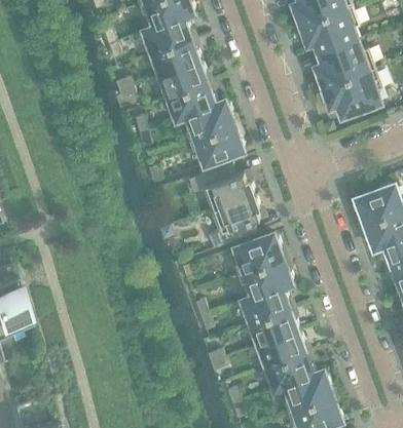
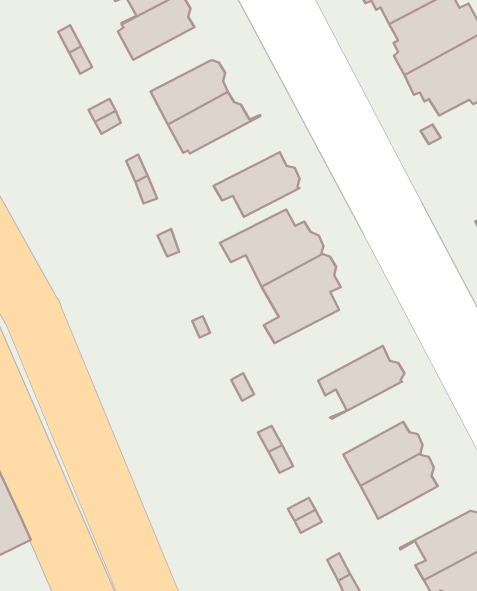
building: [148,39,199,76] -> none
building: [176,102,233,142] -> none
building: [233,234,282,275] -> none
building: [240,283,291,324] -> none
building: [263,353,323,389] -> none

